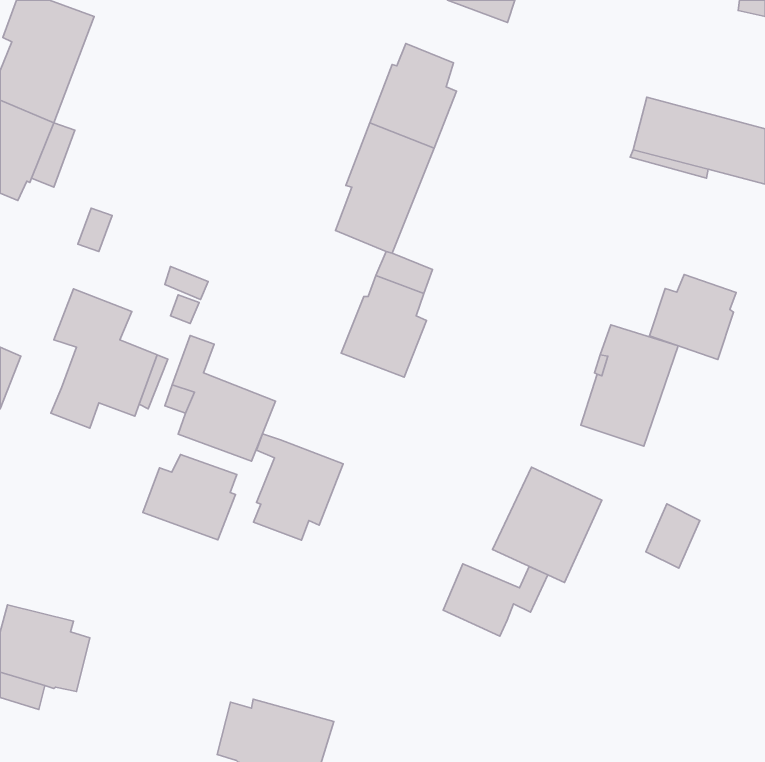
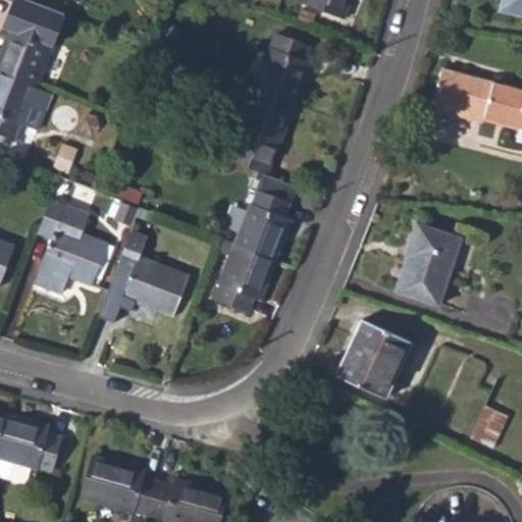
building: [649,274,736,359] -> none
building: [253,434,343,540] -> [214,239,275,311]
building: [143,454,237,540] -> none
building: [646,504,700,568] -> [469,405,506,449]
building: [443,564,548,636] -> none
building: none -> [80,457,157,516]

